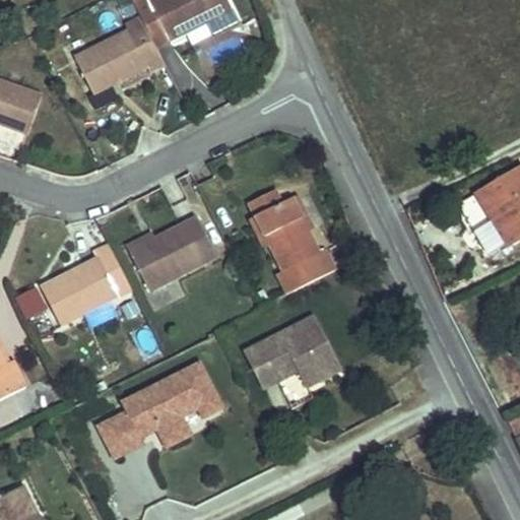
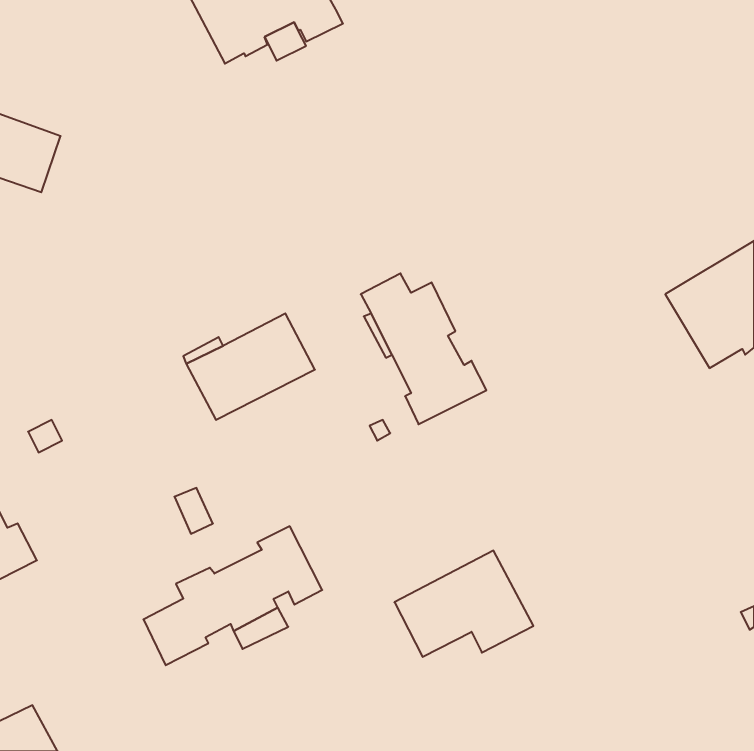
building: [74,16,164,92] -> none
building: [40,243,131,323] -> none
building: [246,315,341,388] -> [394,551,533,657]

